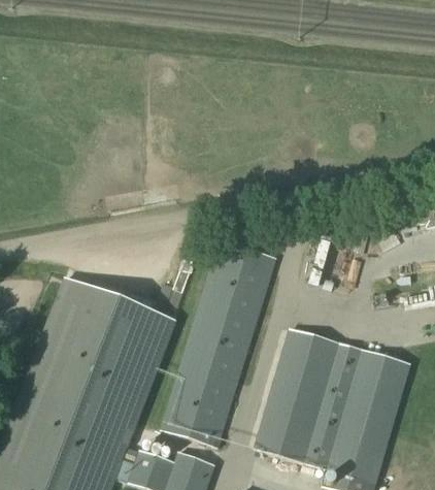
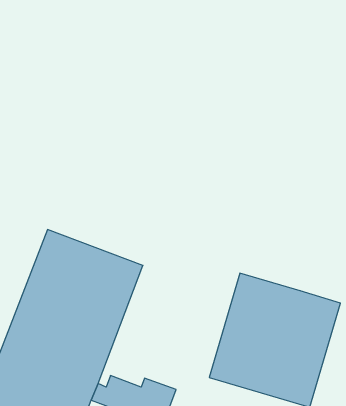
building: [161,240,276,448] -> none

